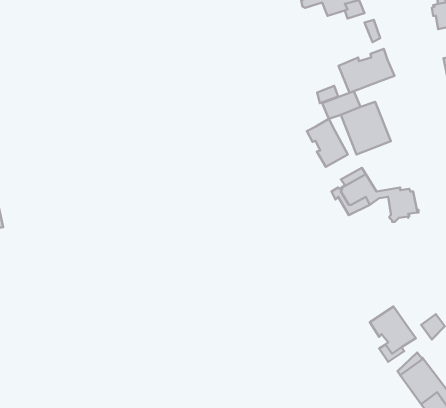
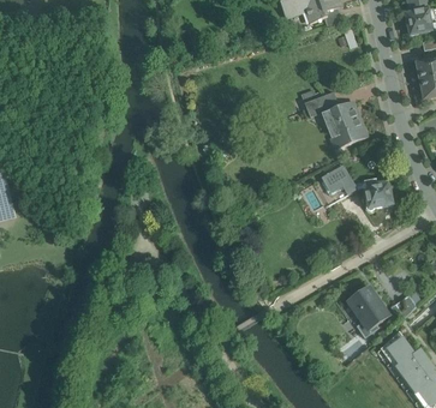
building: [339,49,395,93] -> none
building: [307,119,348,167] -> none

